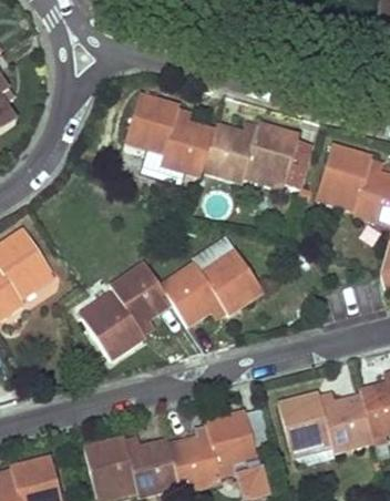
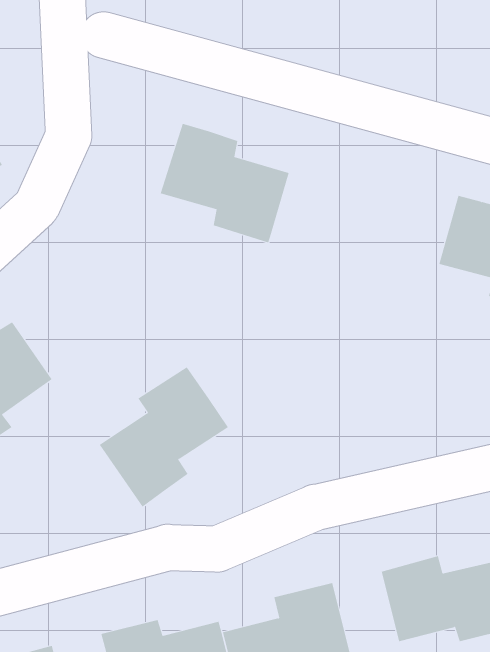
building: [203,122,299,183] -> none
building: [160,249,264,326] -> none

